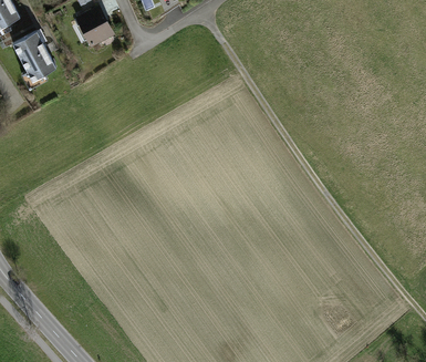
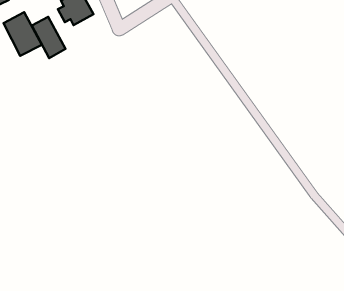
building: none -> [32,17,66,58]

